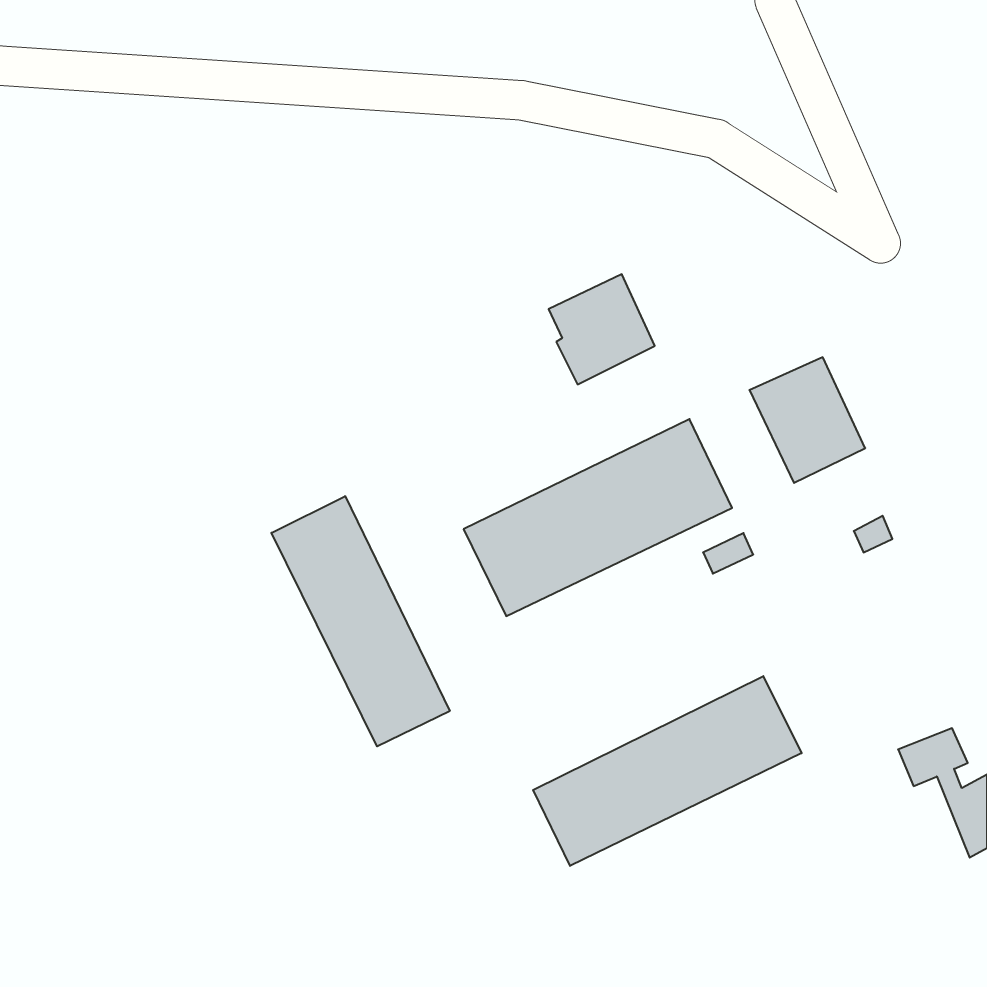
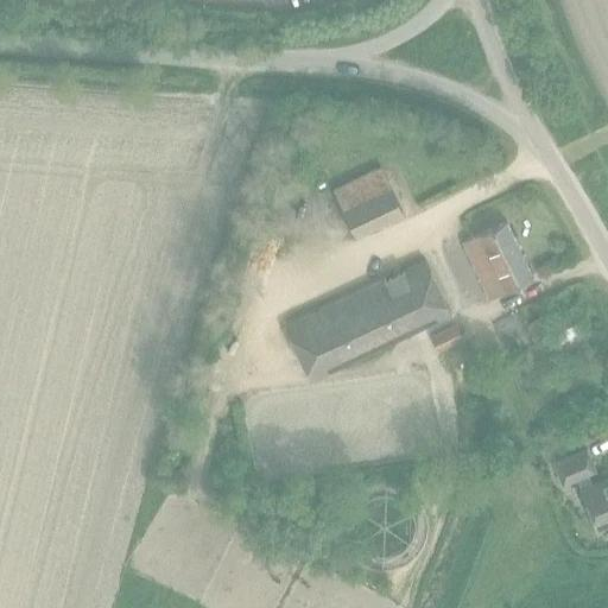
building: [271,496,450,746] -> none
building: [533,676,802,866] -> none

